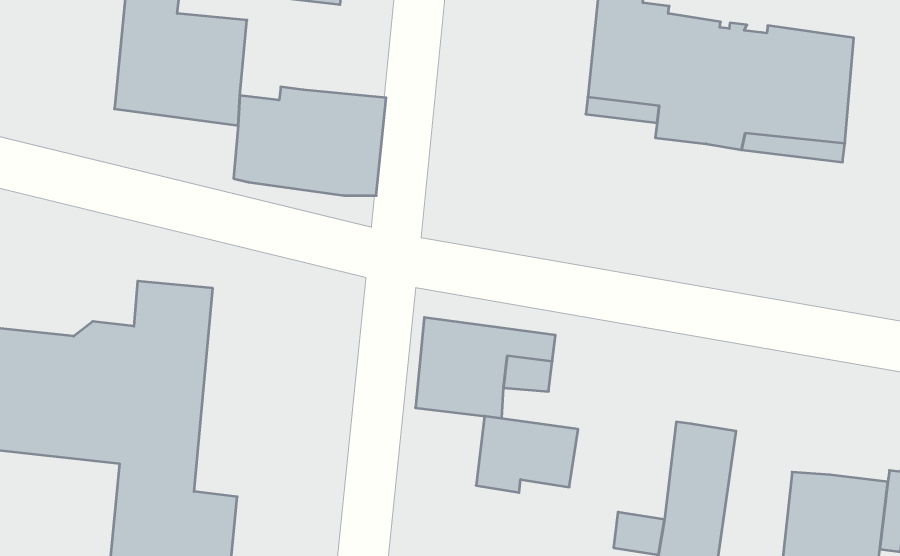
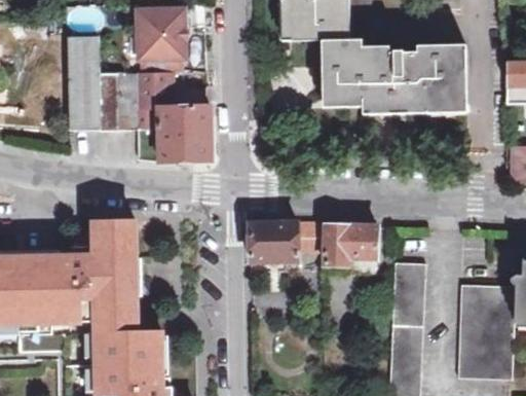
building: none -> [135,73,170,114]
building: [476,416,578,493] -> [325,225,376,264]

